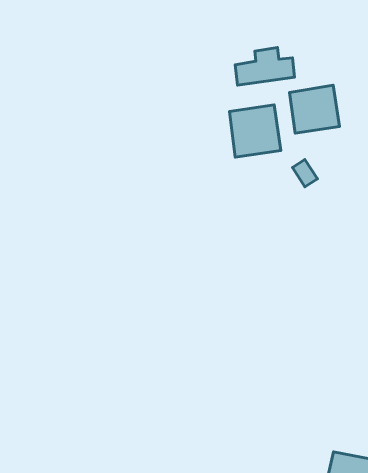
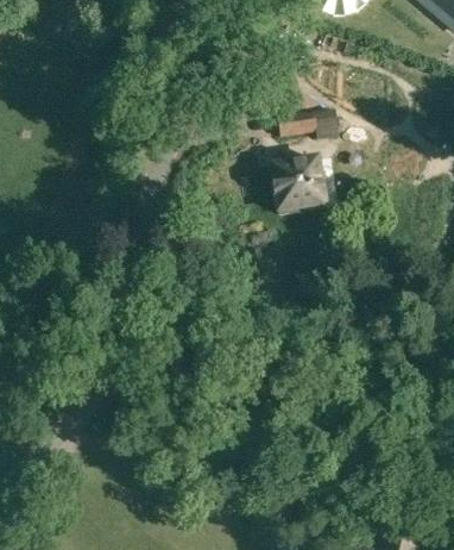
building: [289,85,339,133] -> none

